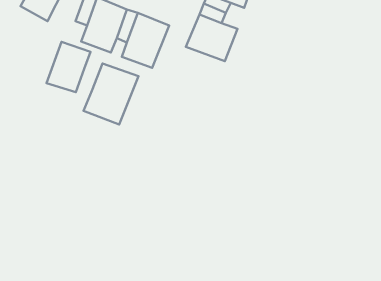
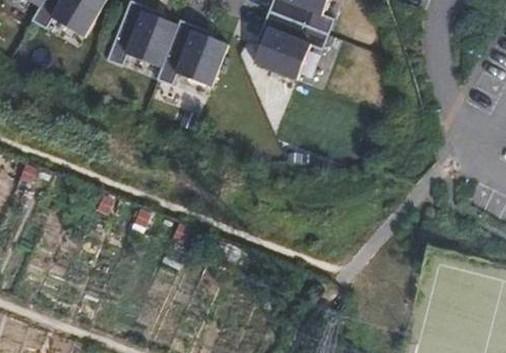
building: [46,42,90,92] -> none
building: [84,64,139,124] -> none

